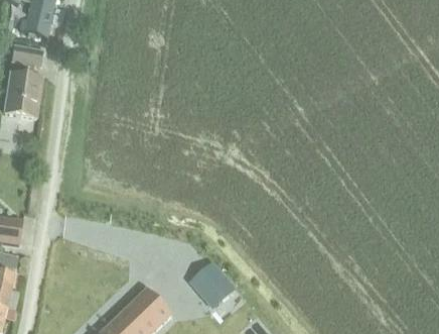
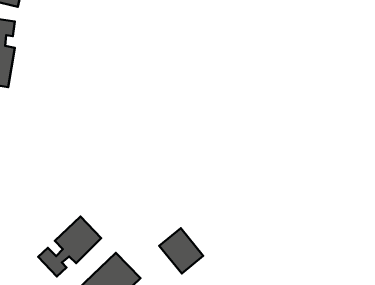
building: none -> [38,217,101,276]

